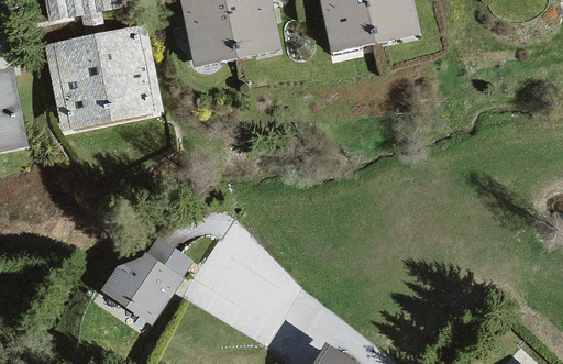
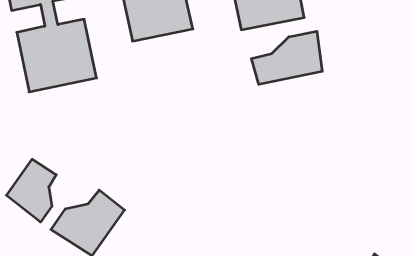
building: none -> [251,31,322,84]
building: none -> [6,159,56,222]

